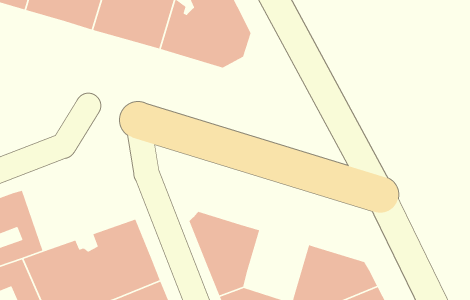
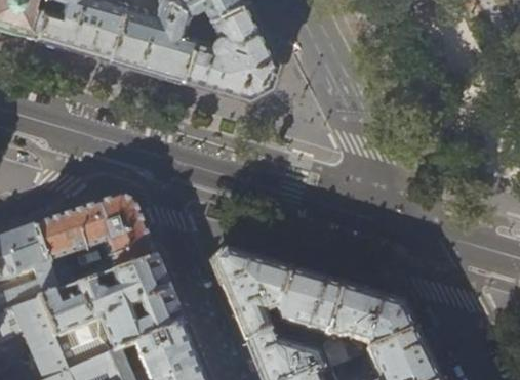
building: none -> [34,198,156,294]
building: none -> [276,271,342,338]

